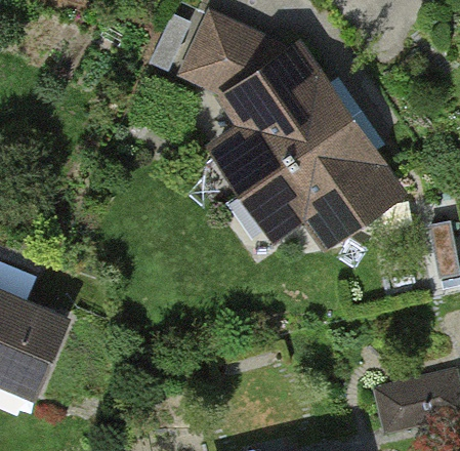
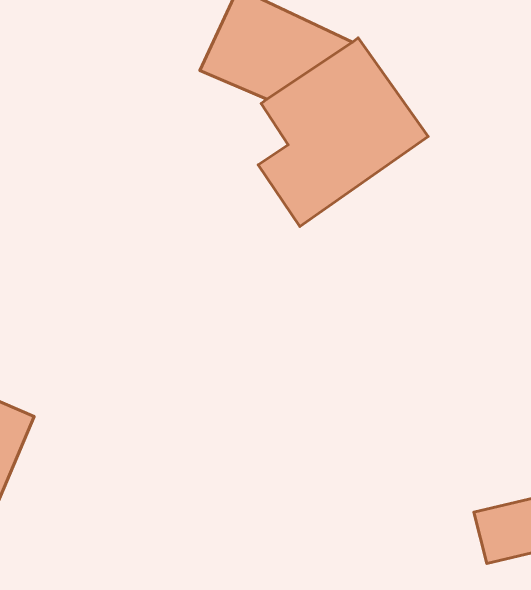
building: [257,121,398,240] -> none

